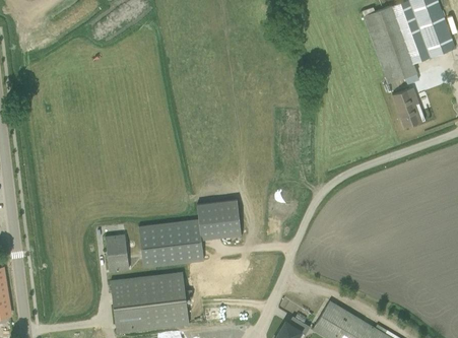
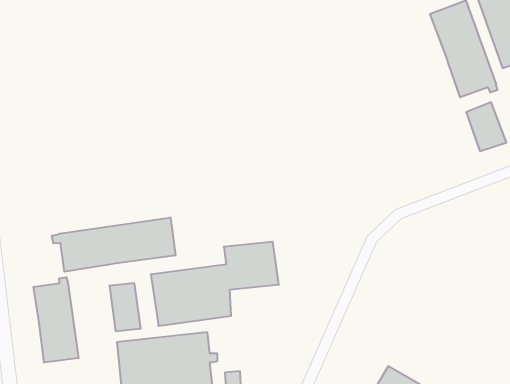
building: none -> [52,217,175,272]
building: none -> [34,277,78,363]

